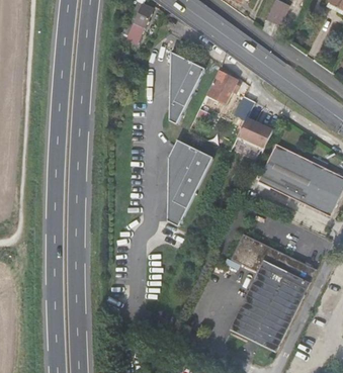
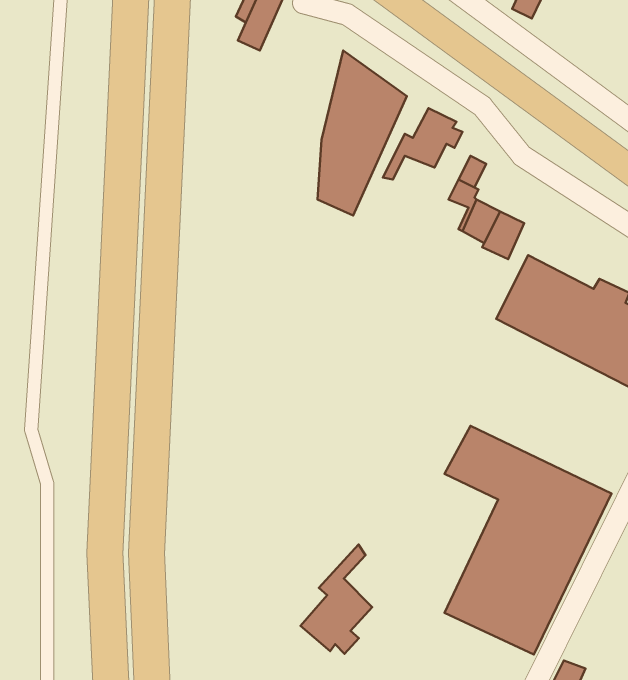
building: [172,135,218,222] -> none
building: none -> [301,545,372,654]

